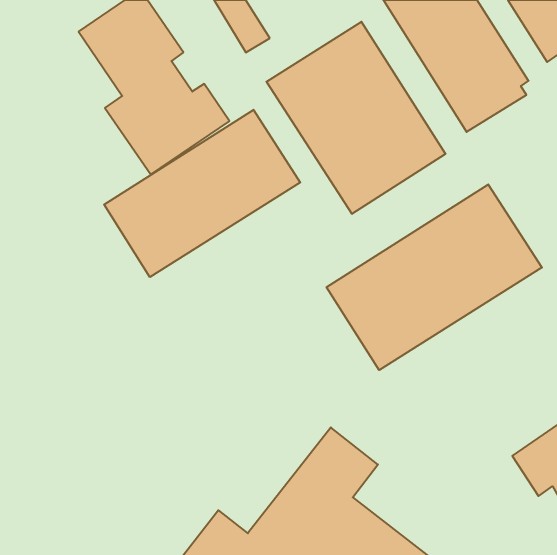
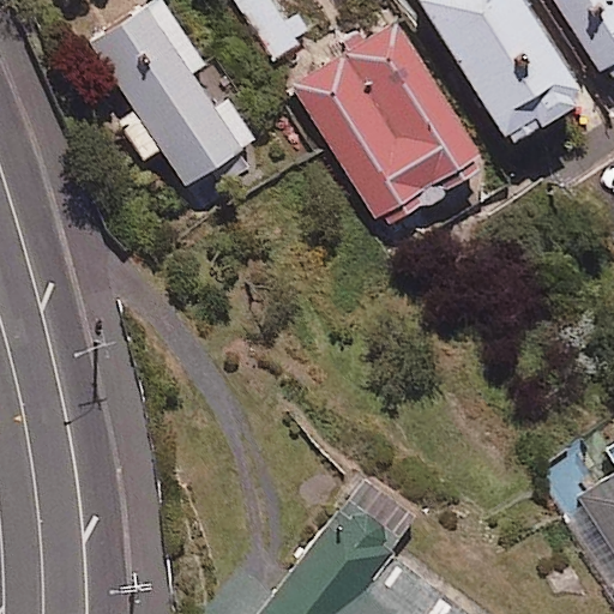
building: [104,110,300,277] -> none
building: [327,184,542,370] -> none

